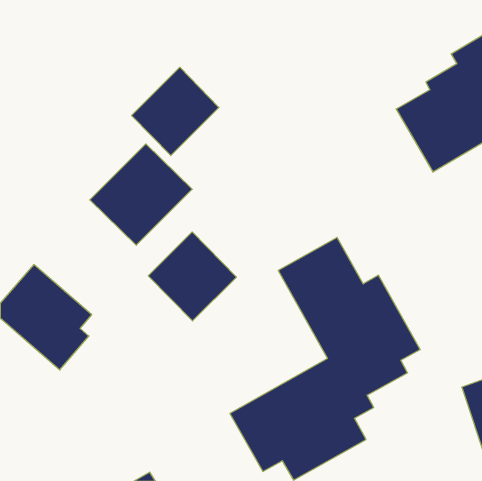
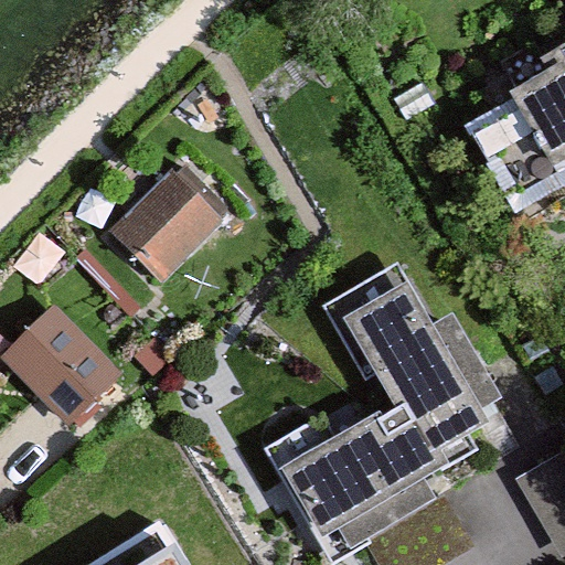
building: [132,67,219,156] -> none
building: [148,232,236,321] -> none

